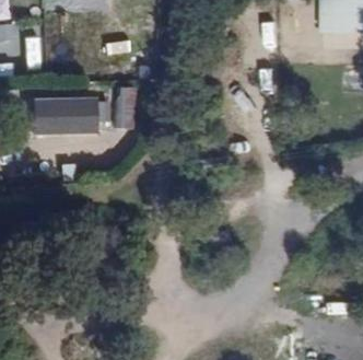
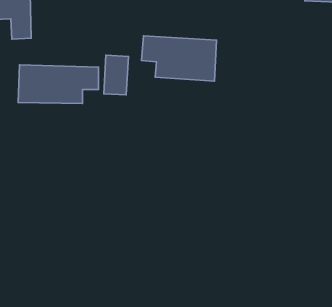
building: none -> [142,36,217,81]

